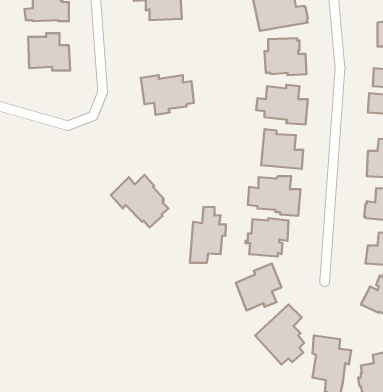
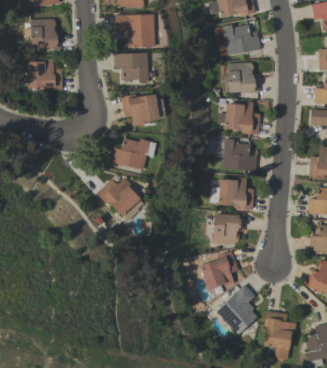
building: none -> [113,52,155,82]
building: none -> [110,138,155,169]
building: [190,207,226,263] -> none

